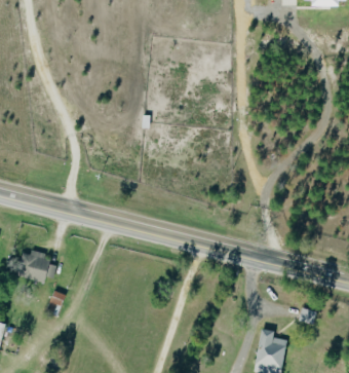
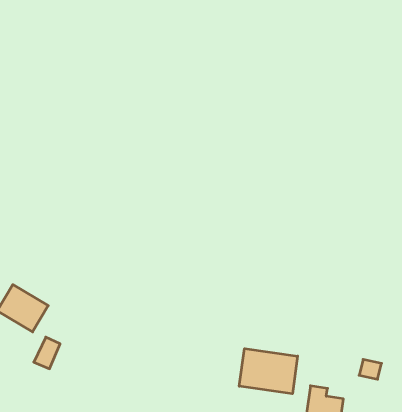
building: none -> [239,349,298,394]

